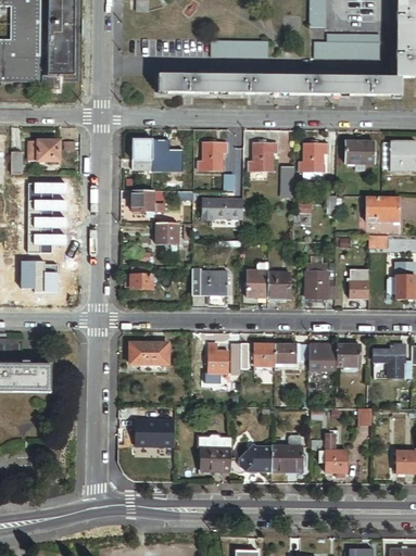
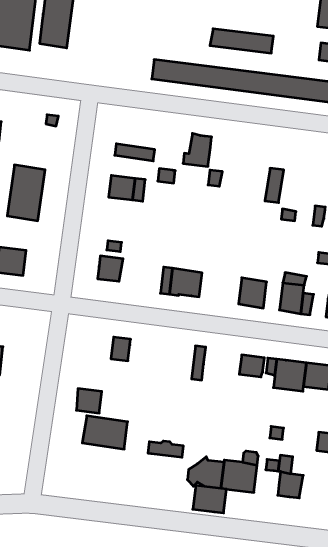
building: [26,138,61,162] -> none
building: [133,138,169,161] -> none
building: [248,142,272,172] -> none
building: [299,143,323,172] -> none
building: [200,198,242,219] -> none
building: [155,223,178,243] -> none
building: [247,269,266,296] -> none
building: [129,342,152,363] -> [76,389,102,413]
building: [207,343,228,374] -> none
building: [254,343,275,366] -> none
building: [201,447,230,470] -> [193,485,226,513]

